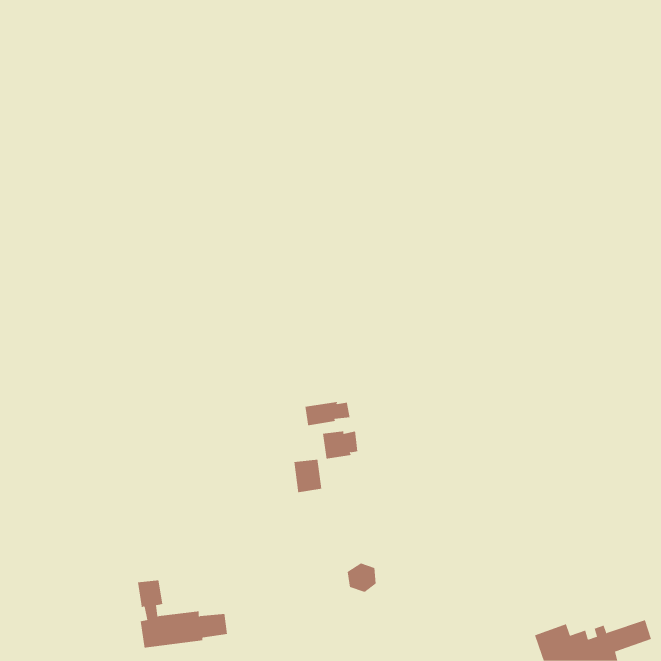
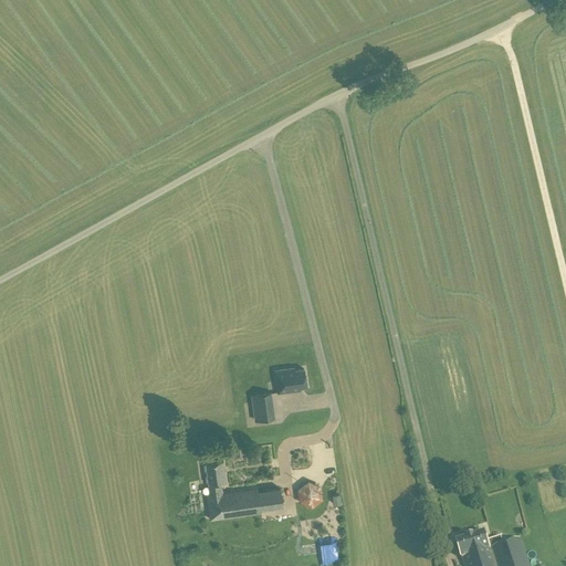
building: [305,401,350,426] -> none
building: [137,580,228,648] -> [205,461,282,520]

